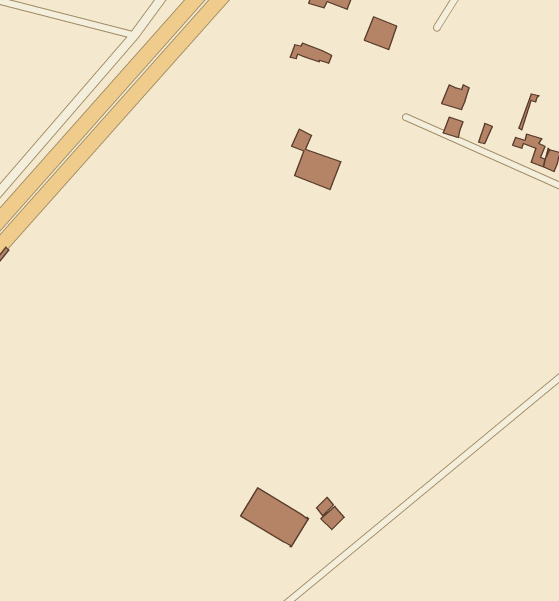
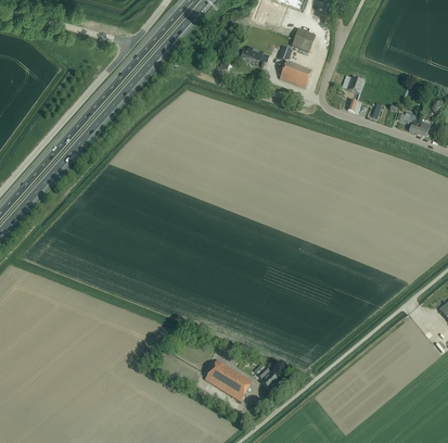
building: [292,129,341,190] -> [278,46,312,88]

